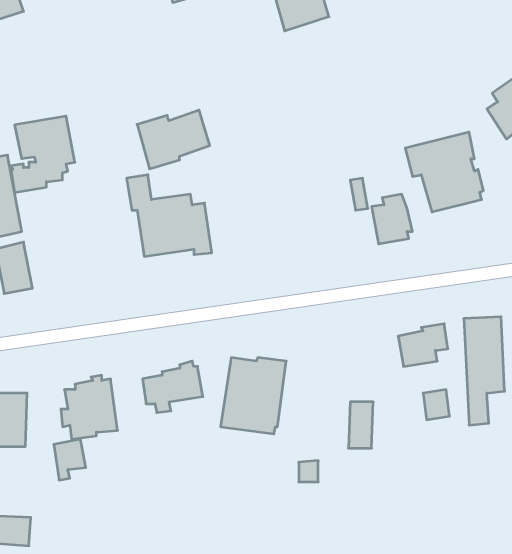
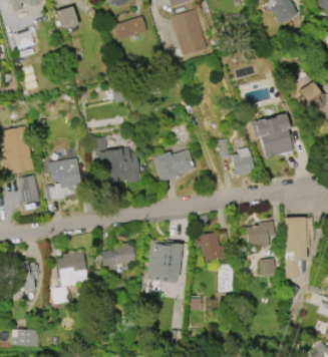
building: [137,110,210,169] -> [152,148,194,182]
building: [11,116,75,192] -> [45,157,81,201]
building: none -> [195,232,227,261]

